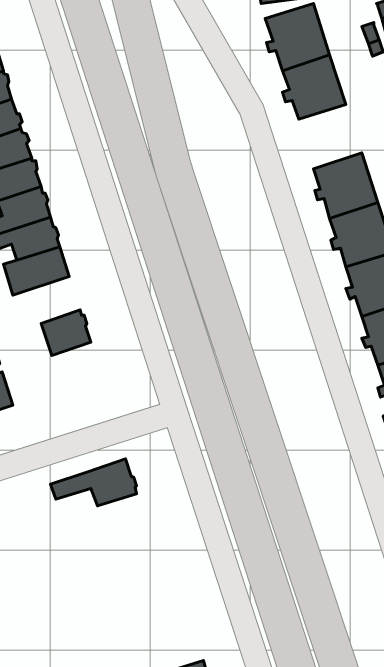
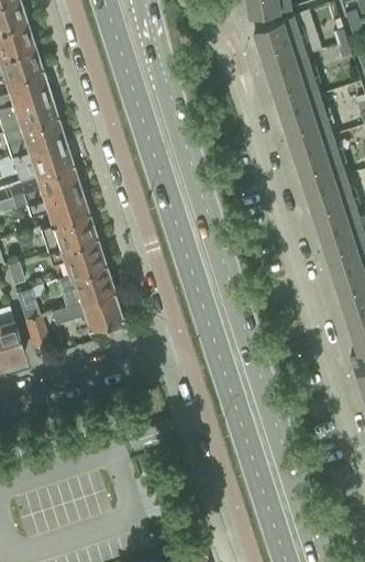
building: none -> [281,97,333,150]
building: none -> [47,238,102,277]
building: [51,459,136,506] -> [49,291,120,330]

